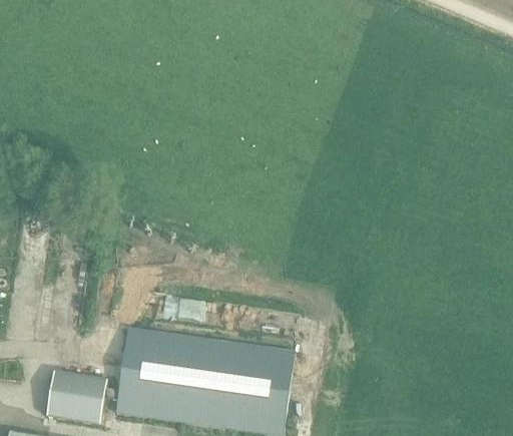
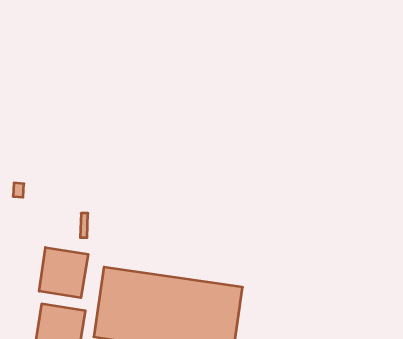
building: none -> [39,247,88,298]

